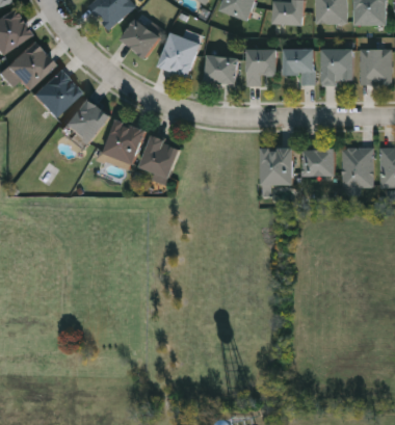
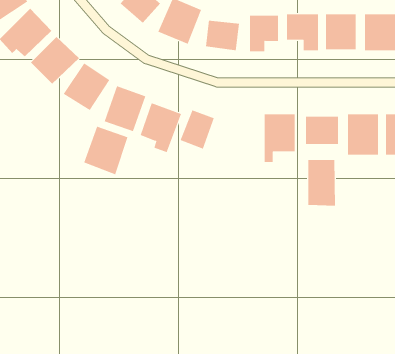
building: none -> [180,110,215,149]
building: none -> [84,126,128,175]
building: none -> [308,159,336,207]

